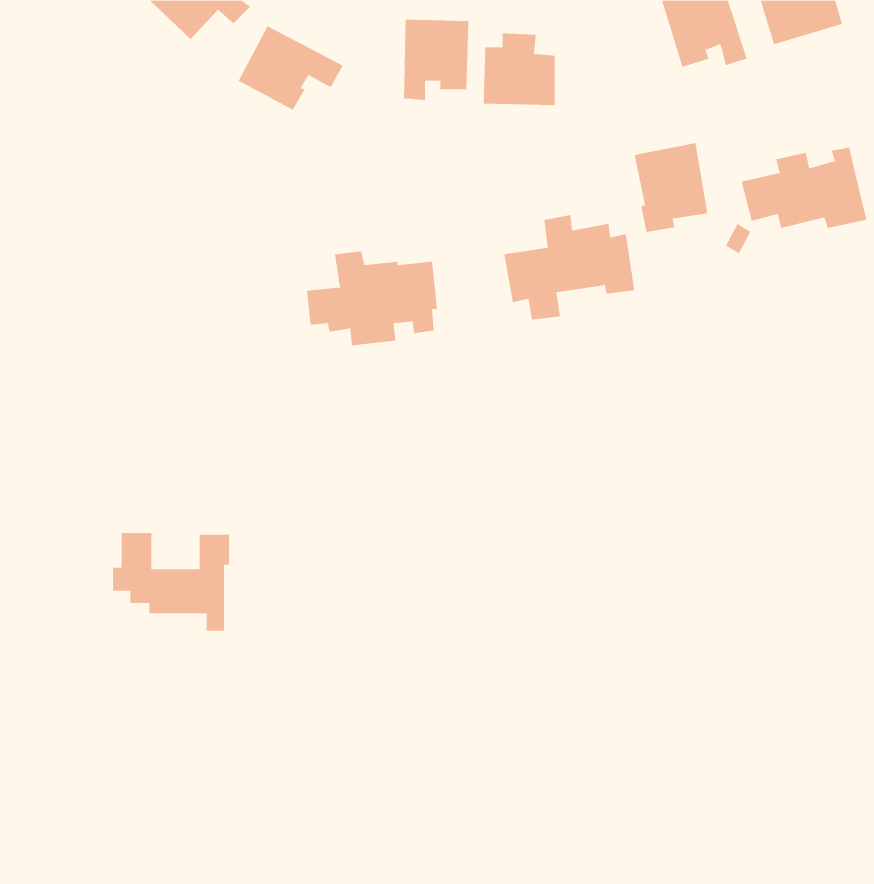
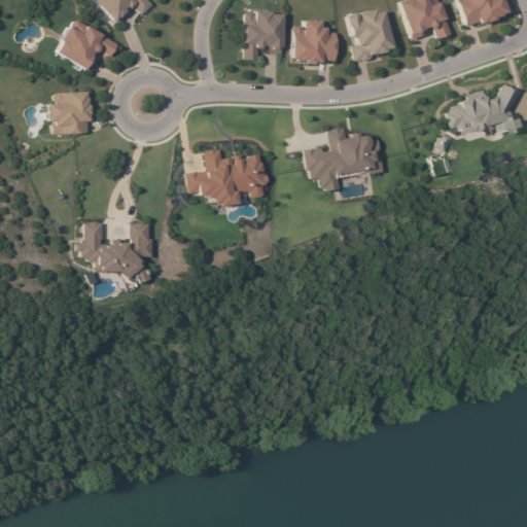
building: [238,26,343,110] -> [58,20,120,70]
building: [634,143,708,233] -> [349,8,393,62]
building: none -> [49,92,91,134]
building: [112,532,230,631] -> [80,222,150,281]

